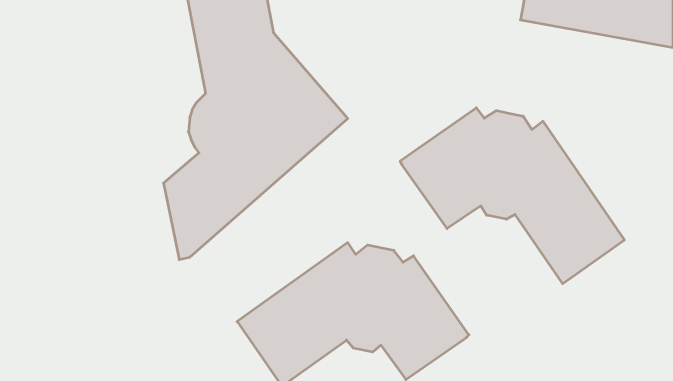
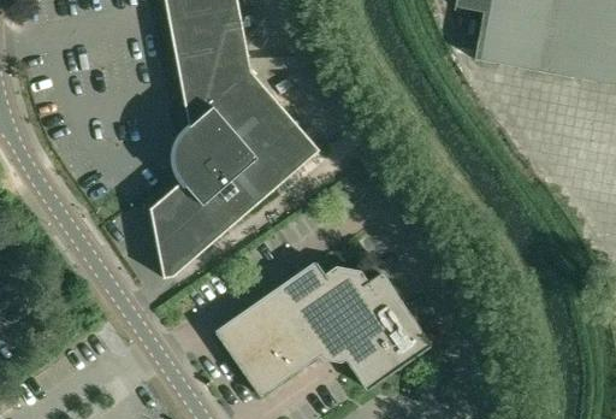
building: [400,108,624,284] -> none

